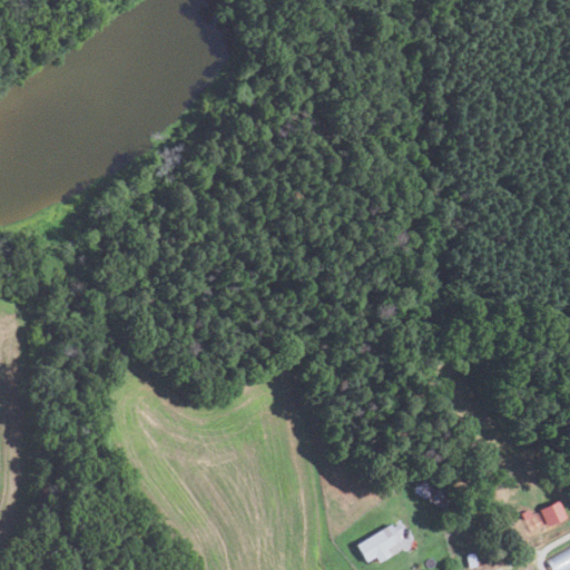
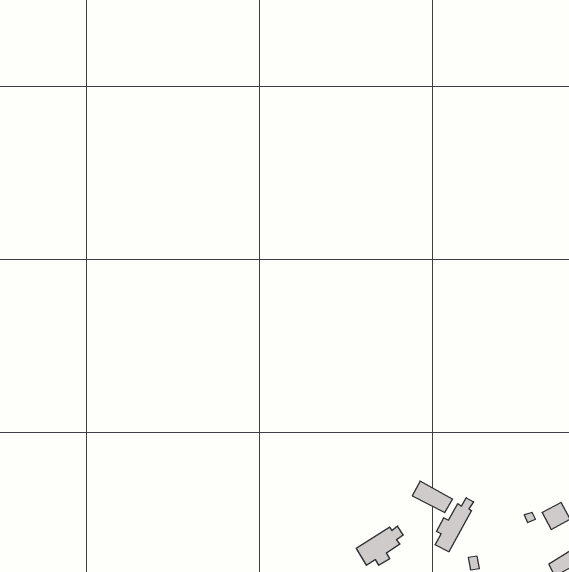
building: none -> [435,498,474,552]

